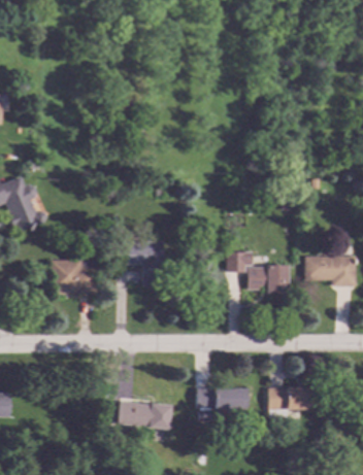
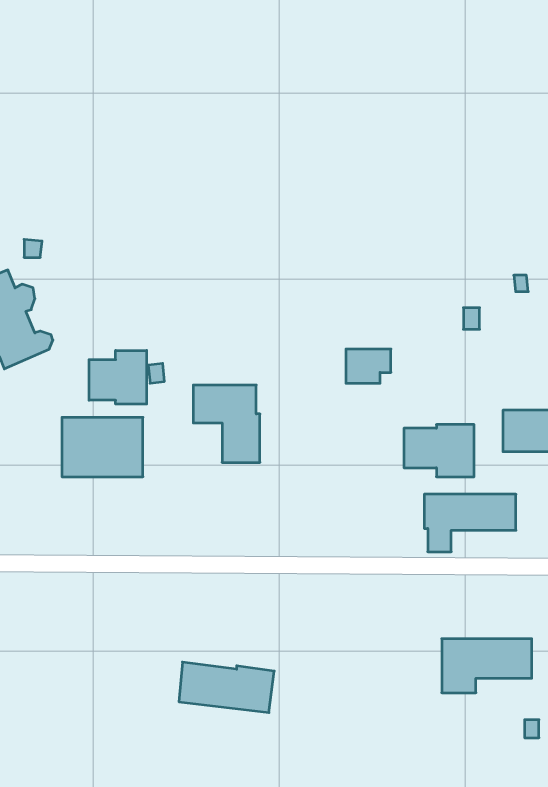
building: none -> [89,350,147,404]
building: [226,251,252,271] -> [346,349,391,383]
building: [197,387,250,420] -> [424,494,516,552]

